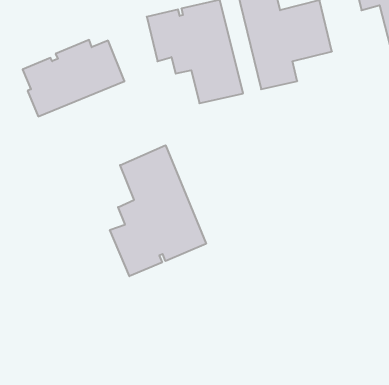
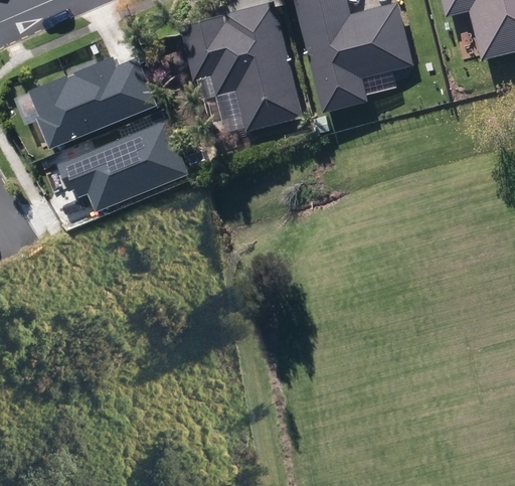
building: none -> [57,120,186,211]
building: [110,145,206,276] -> none

